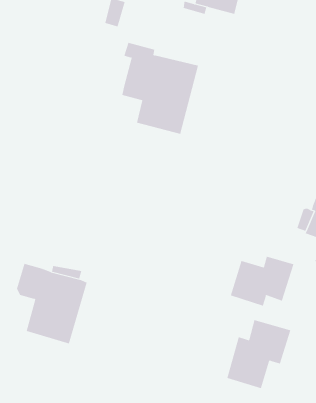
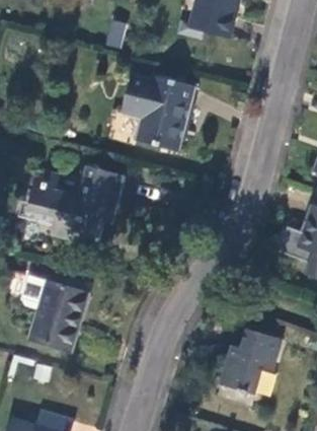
building: none -> [18,166,125,240]
building: [230,256,294,307] -> none

